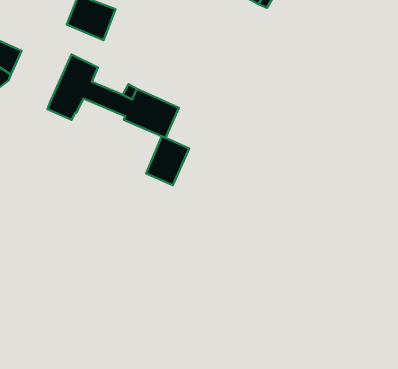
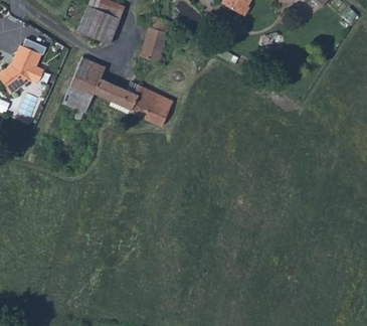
building: none -> [140,14,170,60]
building: [146,136,189,185] -> none

